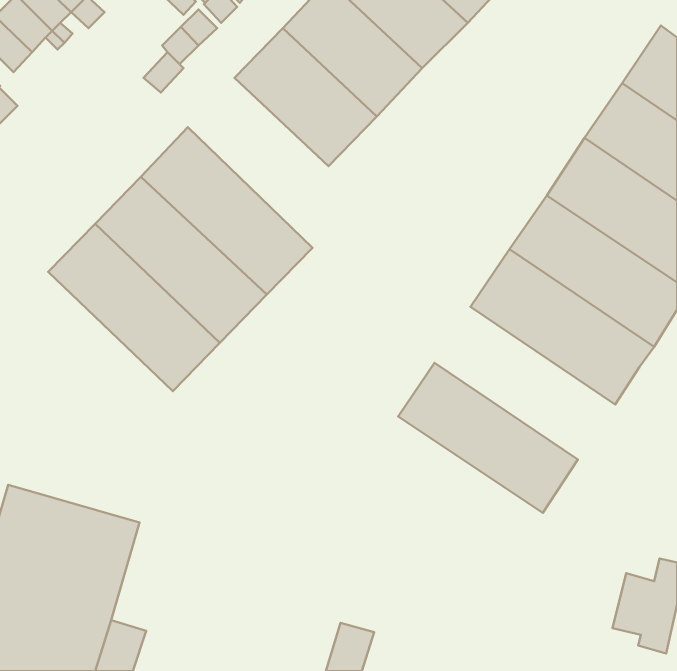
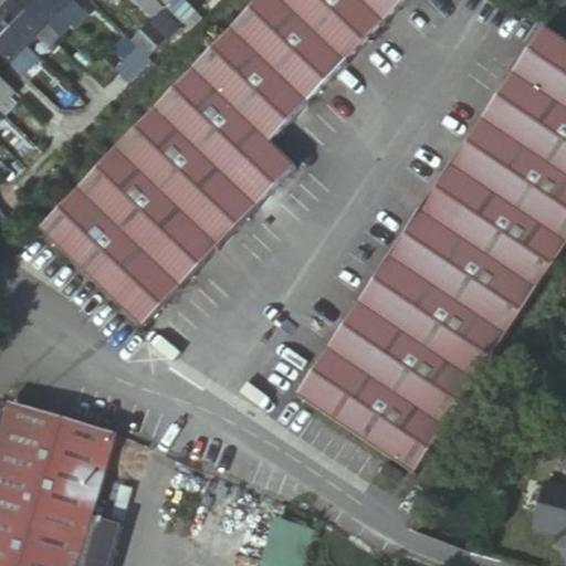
building: none -> [155,64,298,205]
building: none -> [358,253,507,379]
building: none -> [295,344,448,472]

